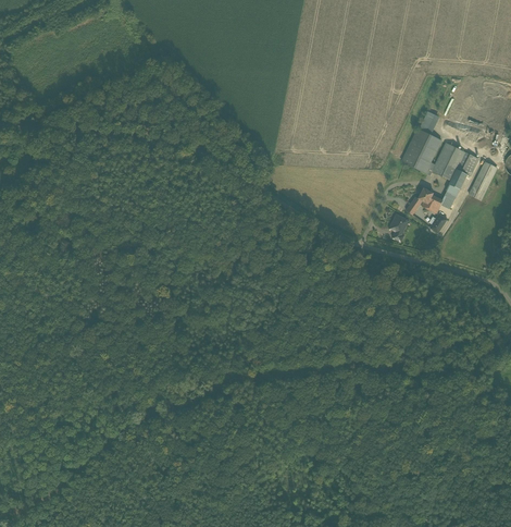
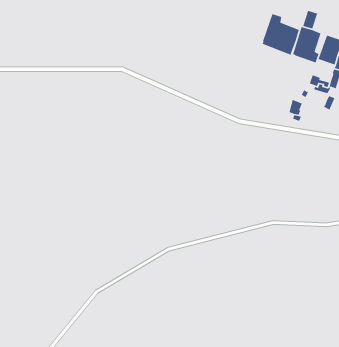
building: none -> [262,13,300,56]

